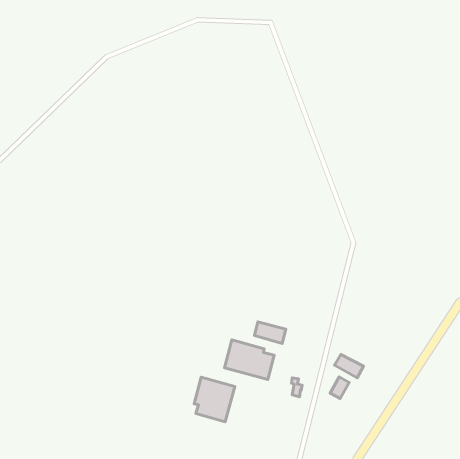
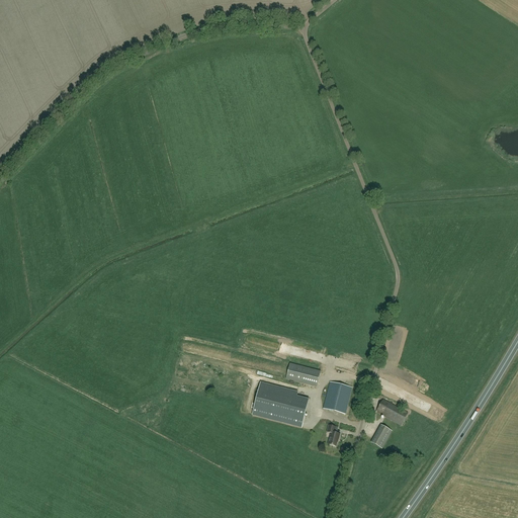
building: none -> [323,380,351,413]
building: [194,377,235,422] -> none

